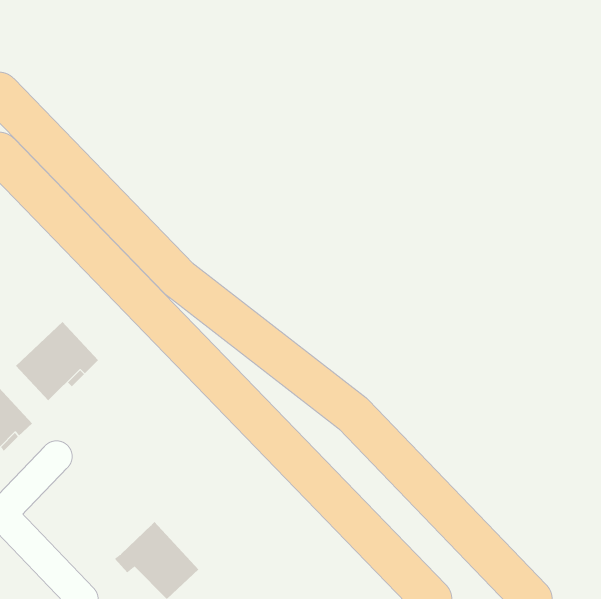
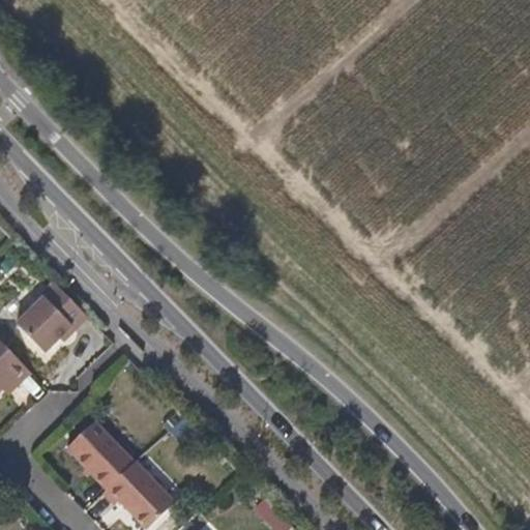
building: none -> [65,420,132,488]

